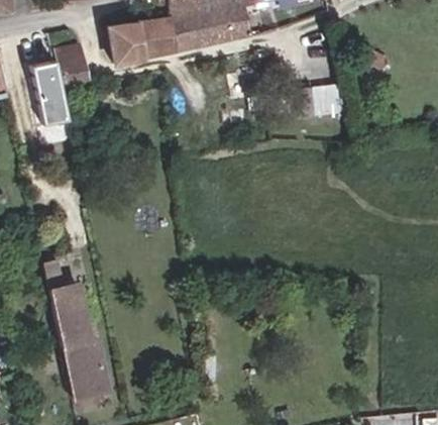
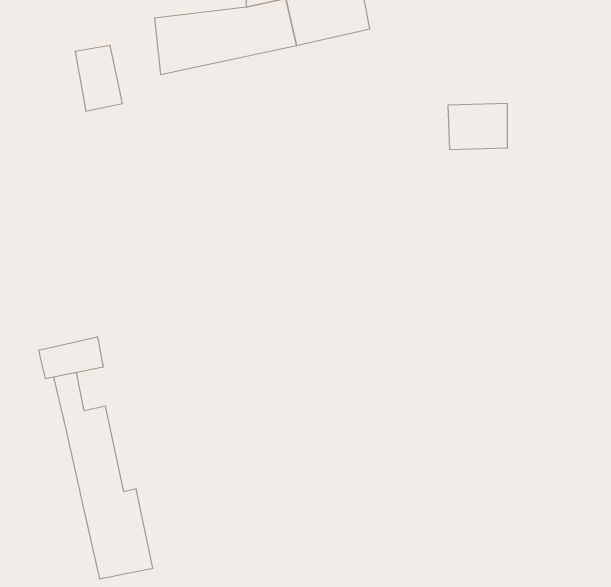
building: [30,57,64,121] -> none
building: none -> [39,337,103,379]

